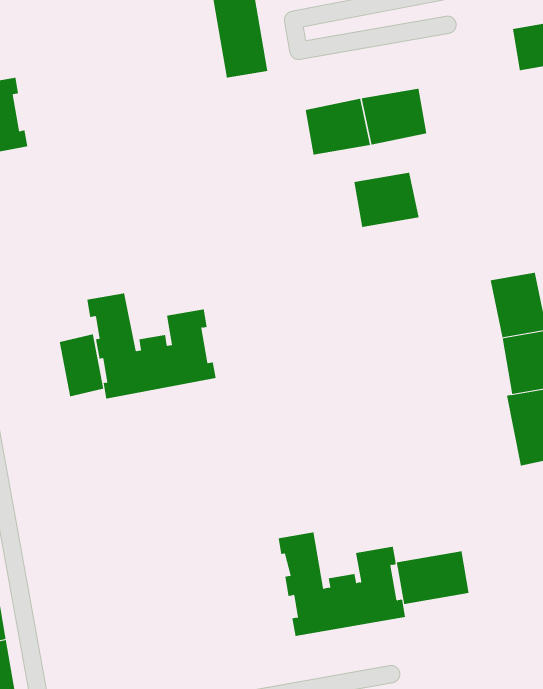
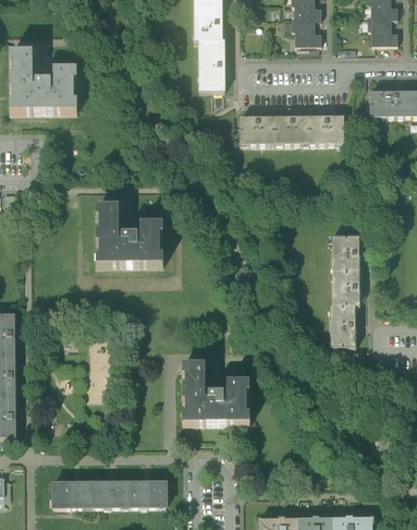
building: [354,172,420,227] -> [310,116,345,143]
building: [59,333,104,397] -> none
building: [396,551,469,605] -> none

